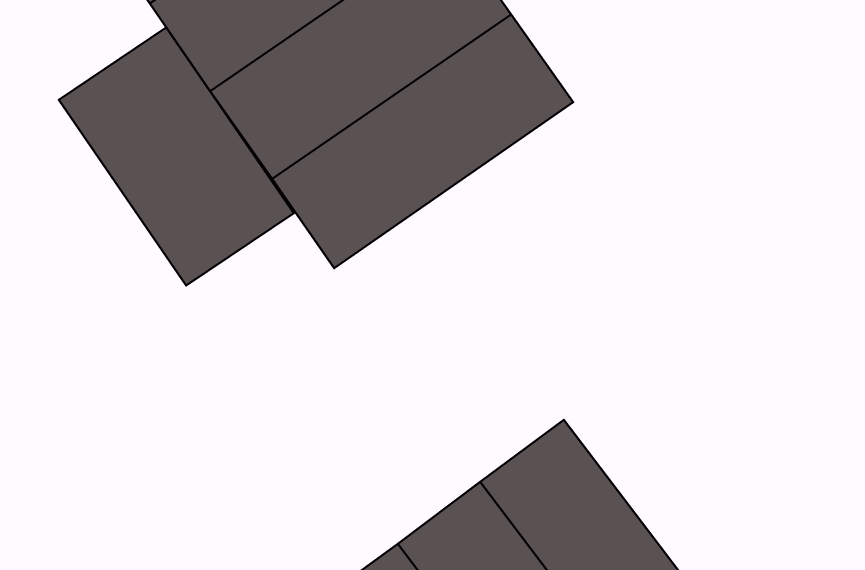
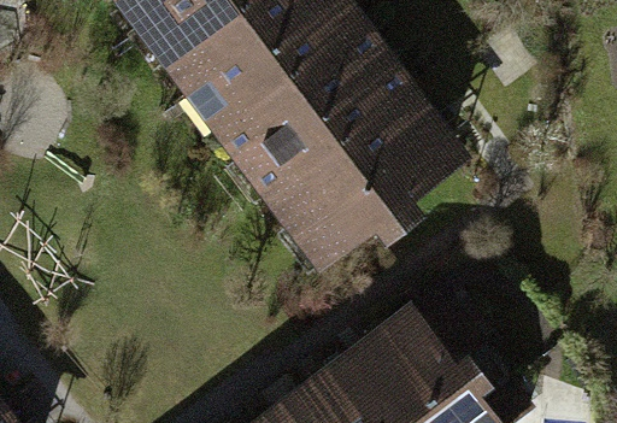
building: [59,27,294,286] -> none
building: none -> [263,98,460,265]

